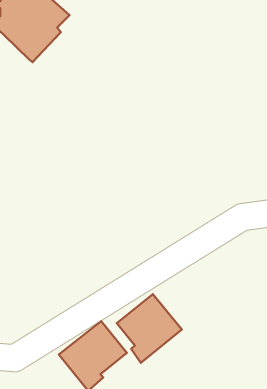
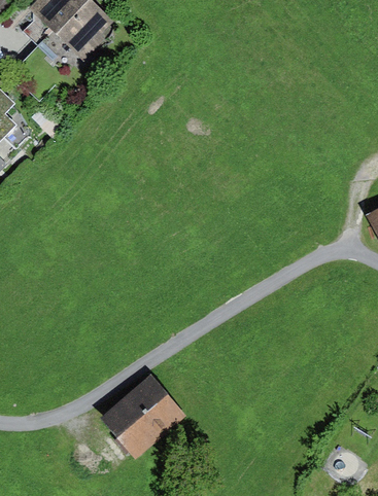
building: [117,294,182,363] -> none

